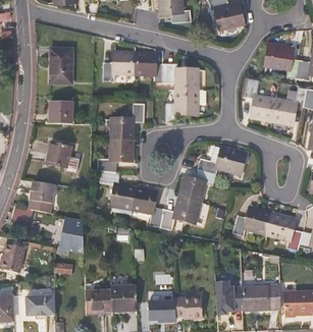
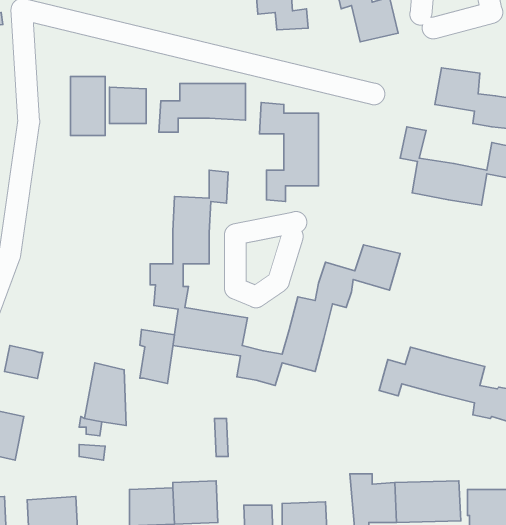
building: [51,103,72,124] -> [110,87,146,124]
building: [46,143,79,169] -> none
building: [33,182,53,214] -> [140,330,174,383]

